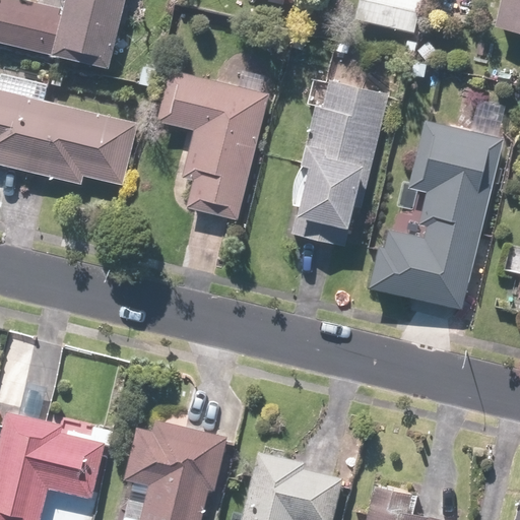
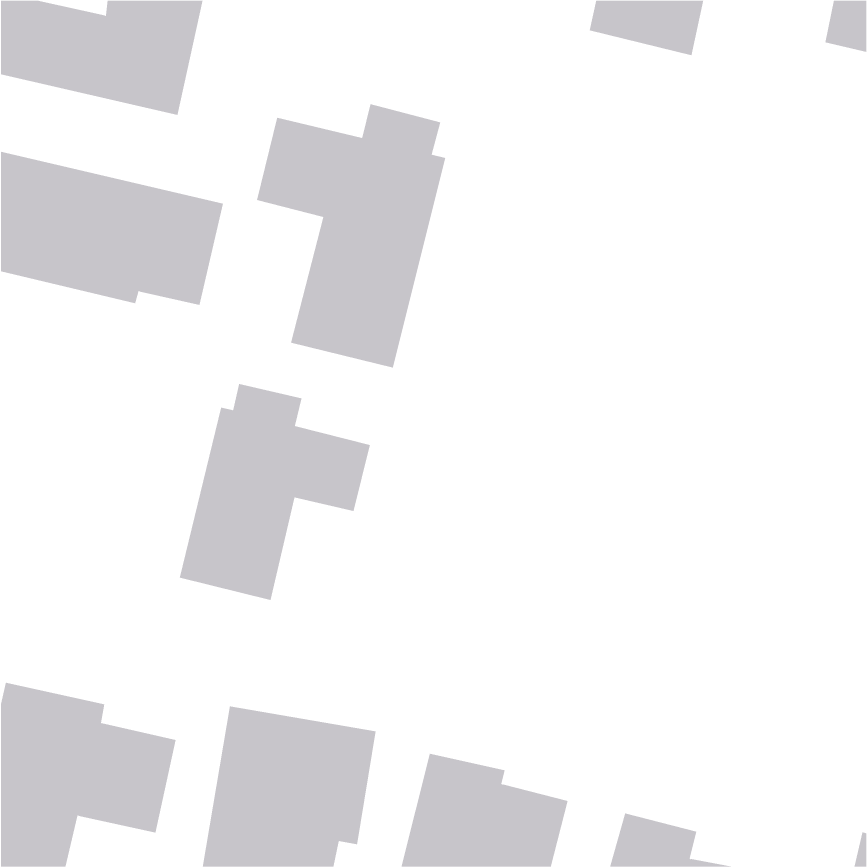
building: [287,79,388,249] -> none
building: [366,119,503,310] -> none
building: none -> [179,383,370,601]

